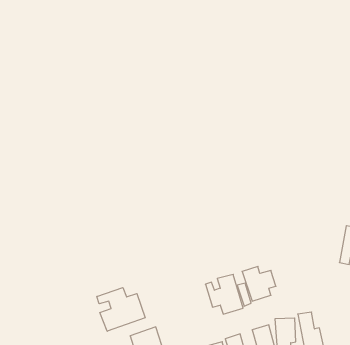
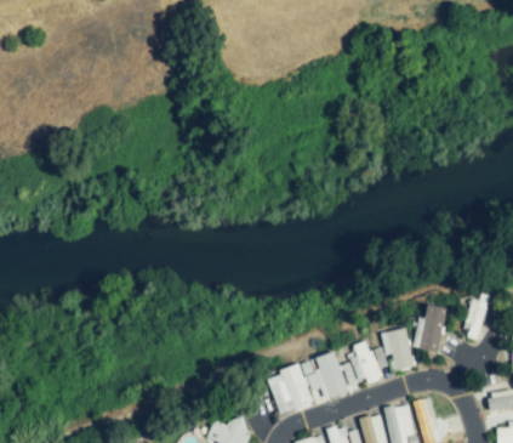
building: none -> [417,305,448,352]
building: none -> [381,328,415,371]
building: none -> [269,364,313,415]
building: [97,288,145,331] -> none

